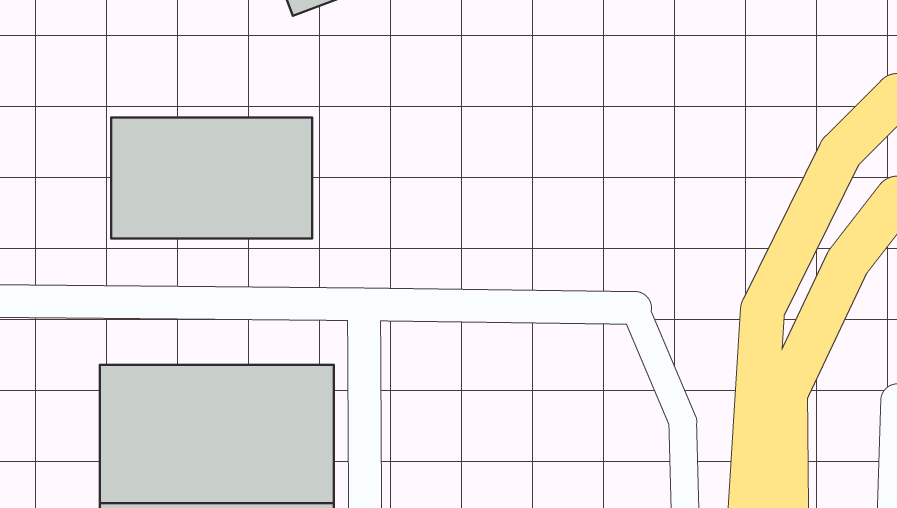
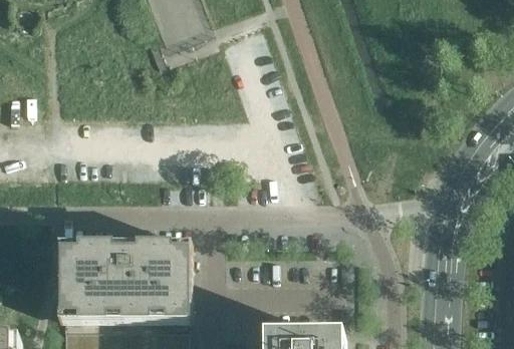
building: [111,117,312,239] -> none

